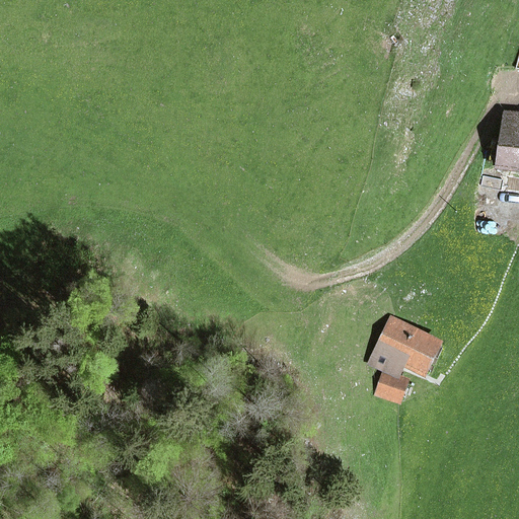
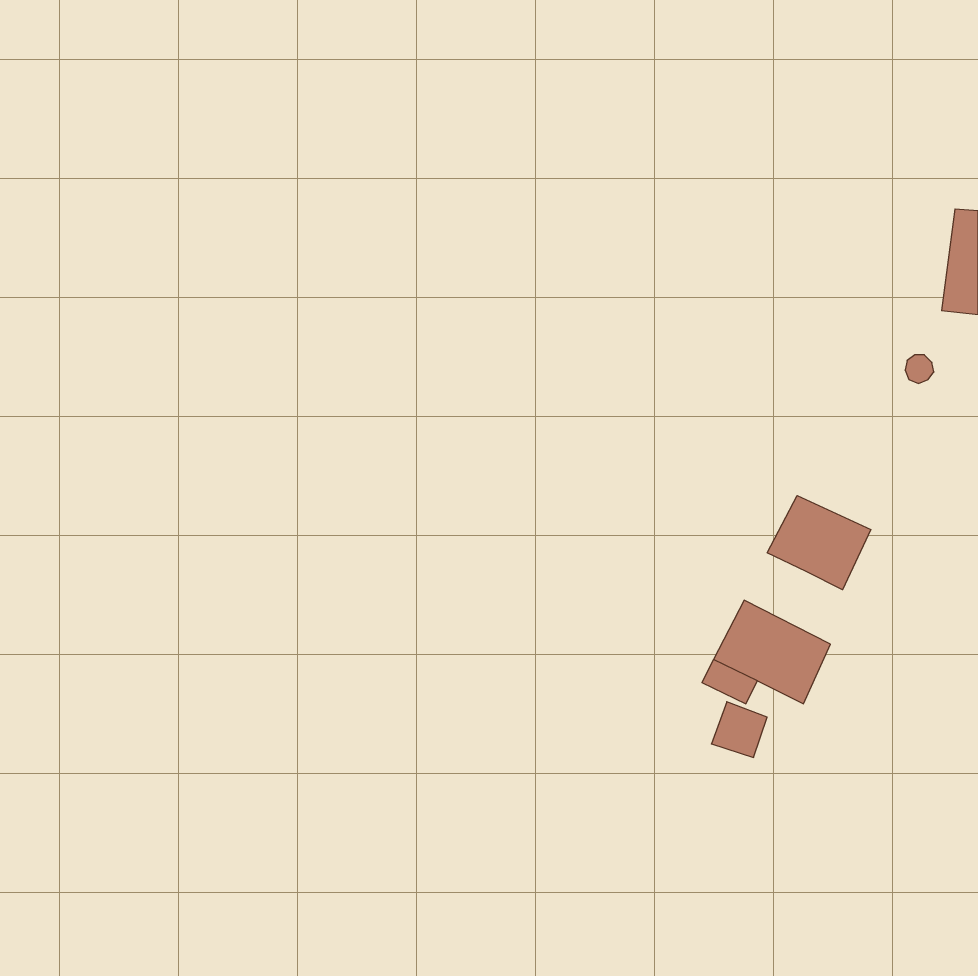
building: none -> [767,496,871,590]

